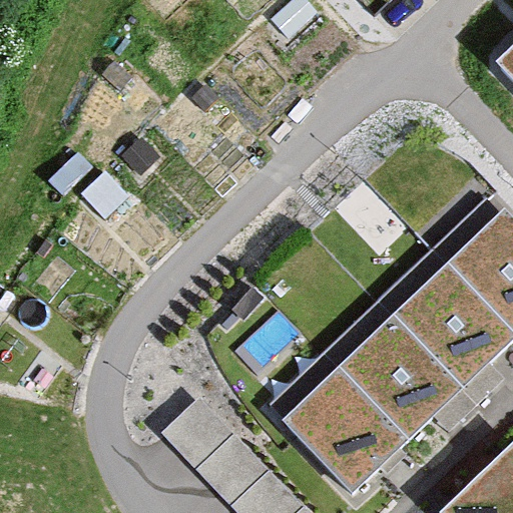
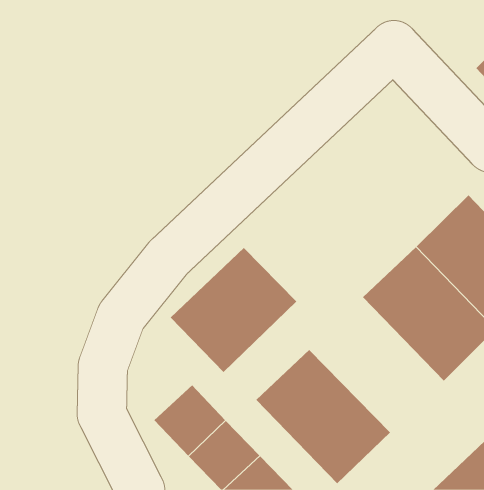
building: none -> [170,247,297,373]
building: [330,311,470,452] -> none

